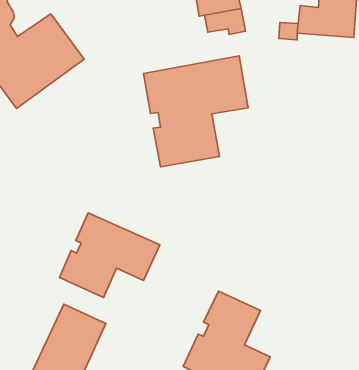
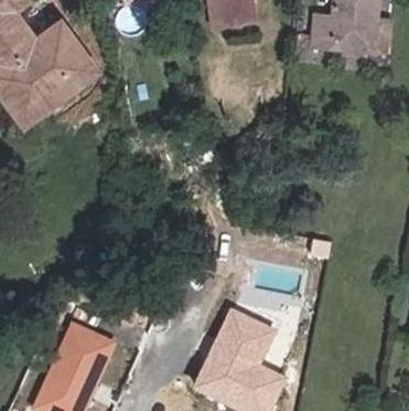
building: [143,56,248,167] -> none
building: [59,213,160,298] -> none

